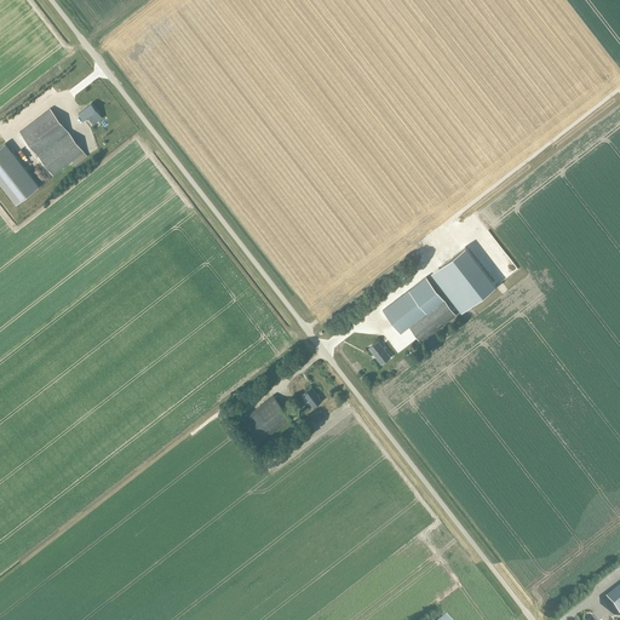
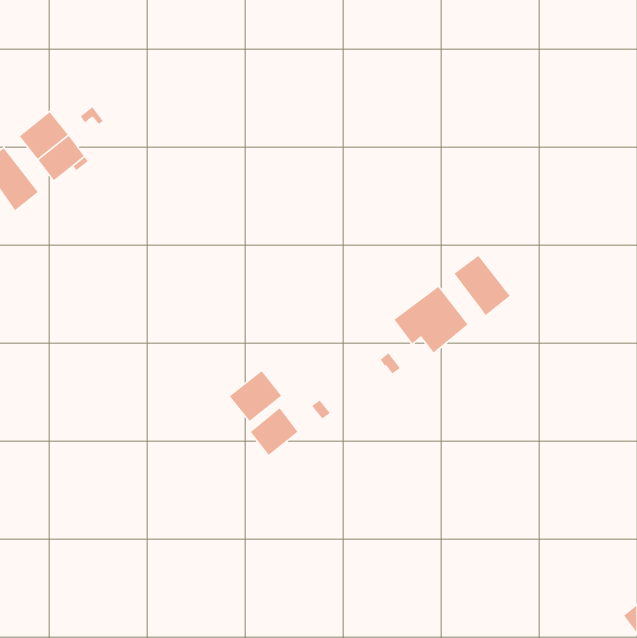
building: none -> [229,370,282,422]

